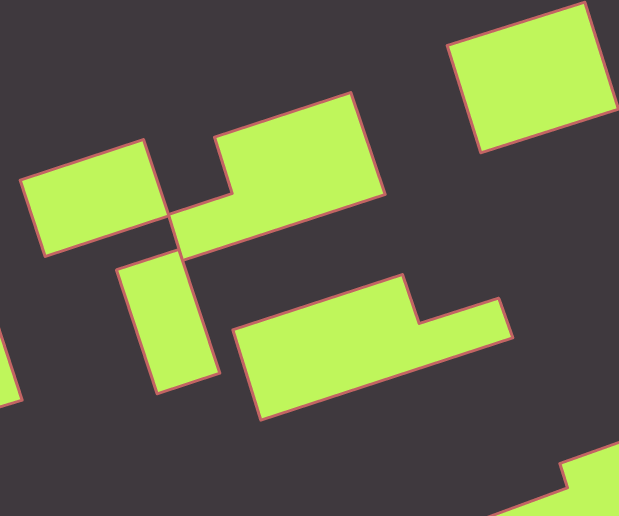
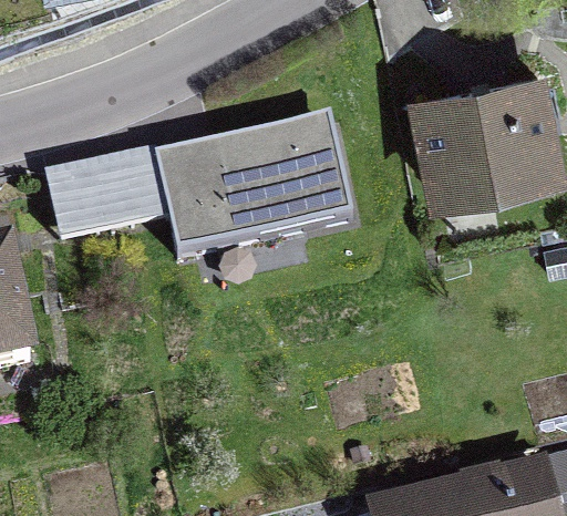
building: [116,249,220,394] -> none
building: [233,275,513,420] -> none

